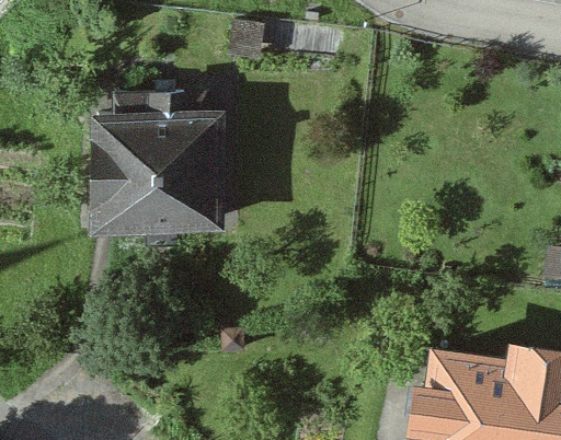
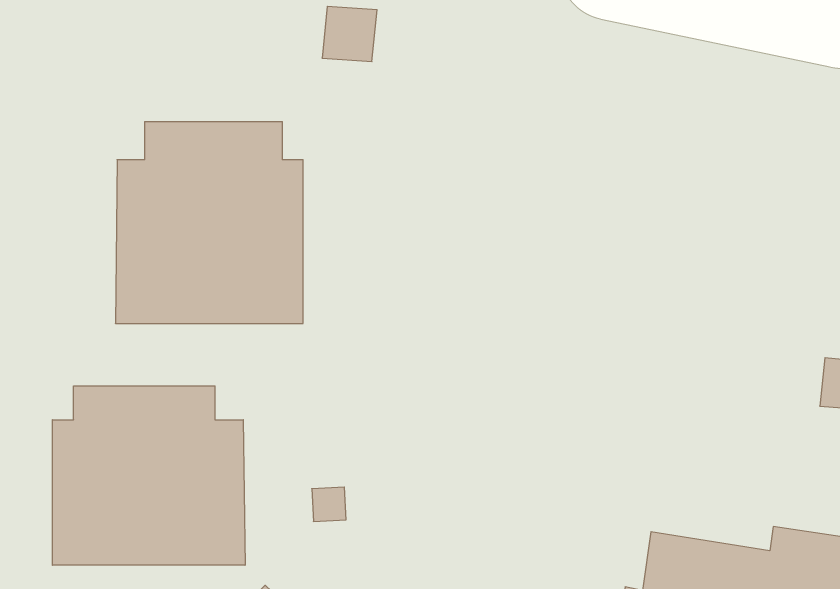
building: none -> [52,386,245,565]

